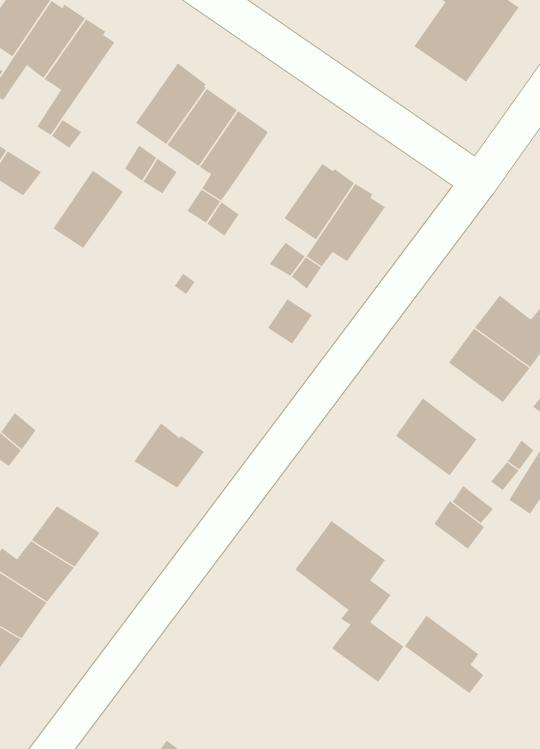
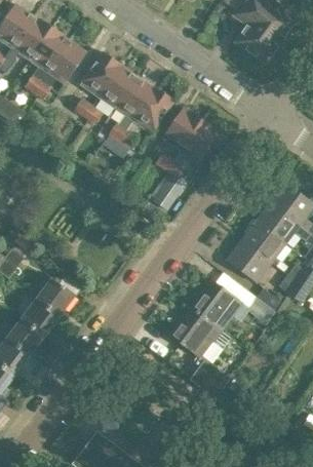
building: none -> [132,87,173,133]
building: [52,170,124,249] -> [45,39,85,83]
building: none -> [240,219,285,262]
building: [134,423,205,489] -> [35,277,75,314]
building: none -> [189,279,241,329]
building: [404,615,484,694] -> none

